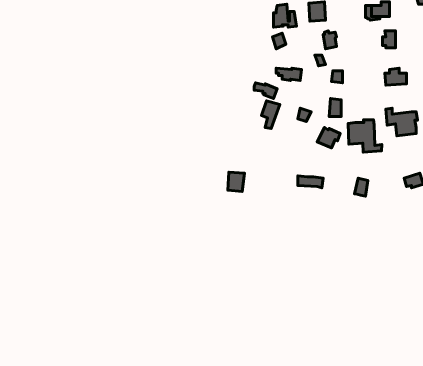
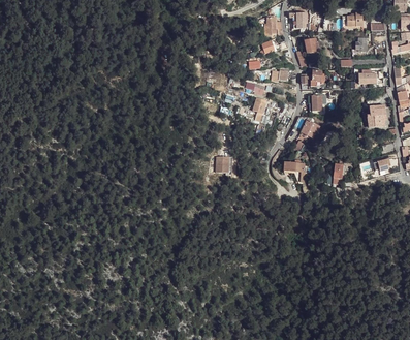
building: [348,120,382,152] -> none

